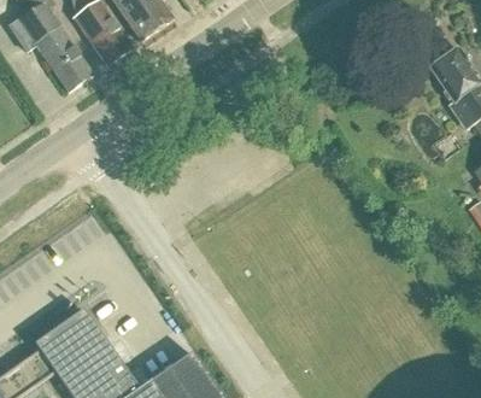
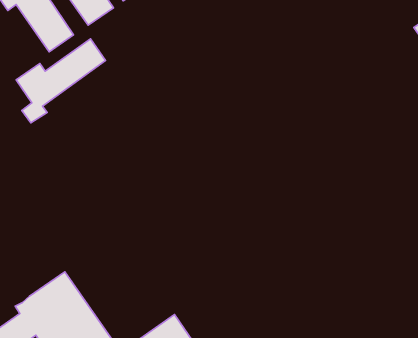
building: none -> [16,39,106,123]

